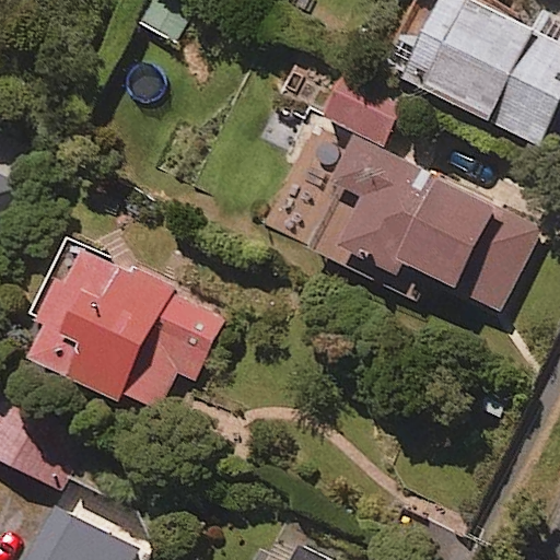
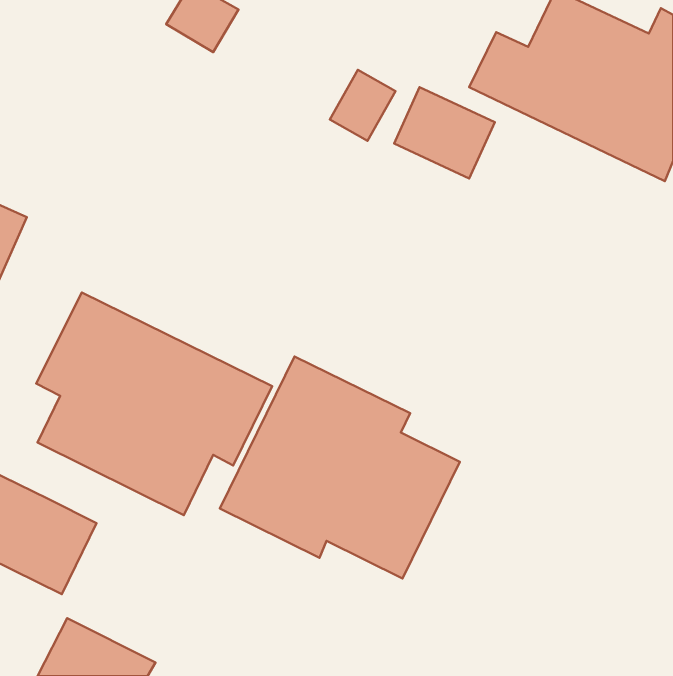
building: [317,140,538,311] -> none
building: none -> [220,357,460,579]

